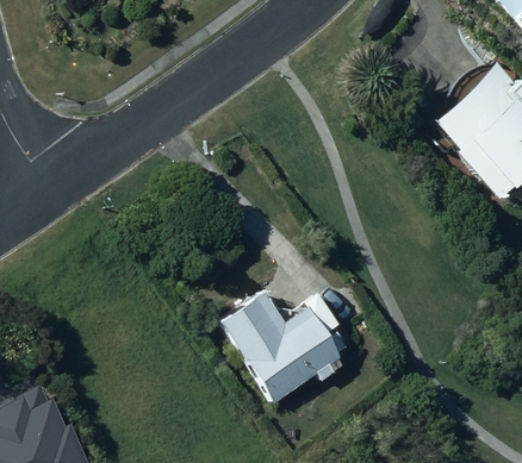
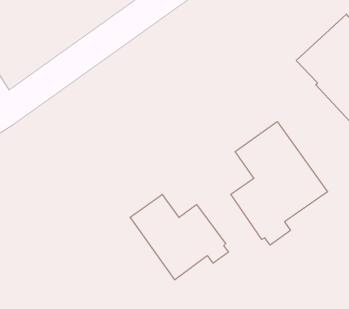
building: none -> [231,122,328,245]

